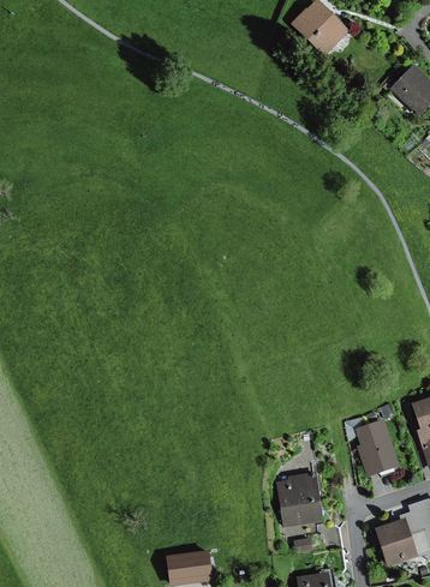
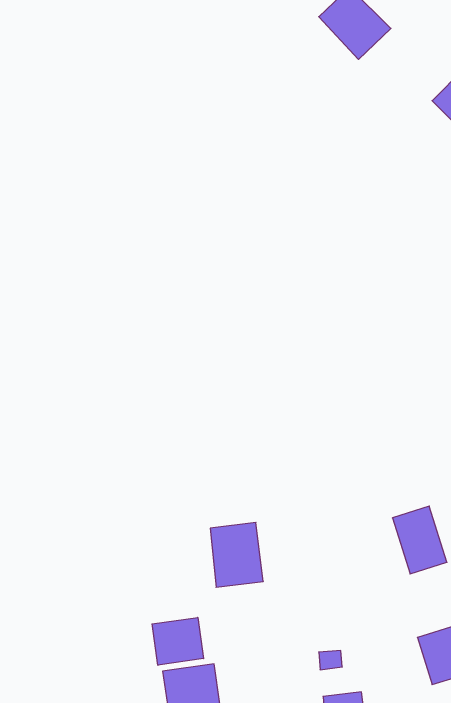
building: [280,473,323,526] -> [210,522,263,587]
building: none -> [152,617,204,665]

